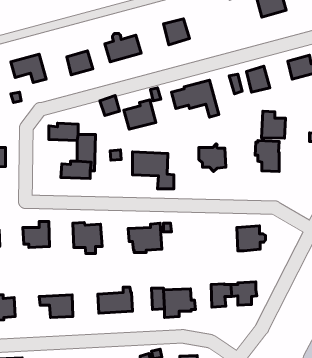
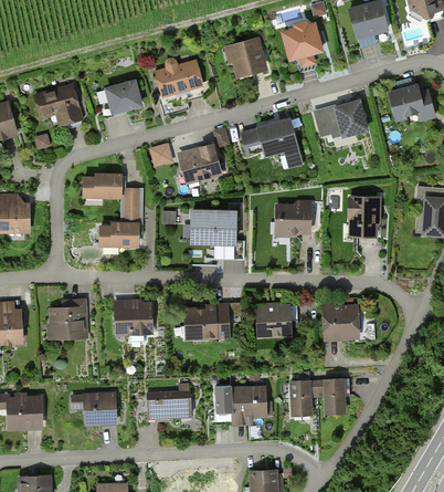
building: none -> [283,21,321,57]
building: [262,111,285,138] -> none
building: none -> [257,304,297,335]

